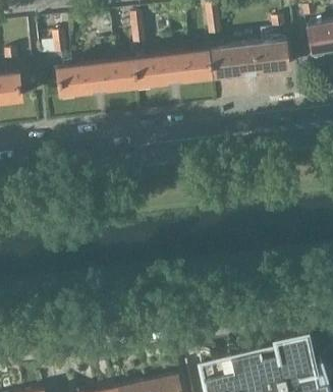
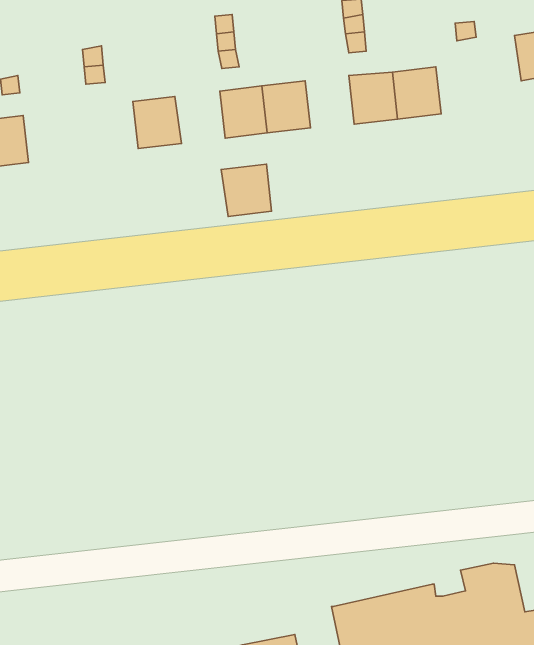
building: [260,40,288,70] -> none
building: [183,48,212,78] -> none
building: [107,57,136,88] -> [221,164,272,217]
building: [57,63,86,94] -> none

